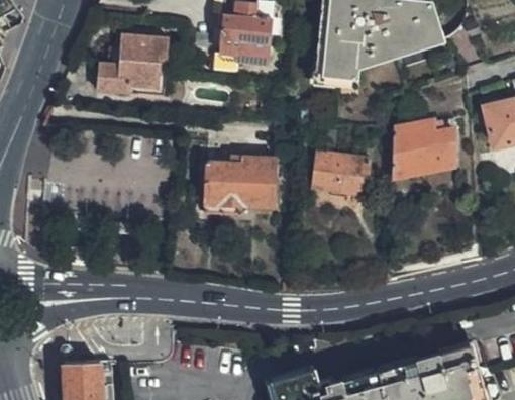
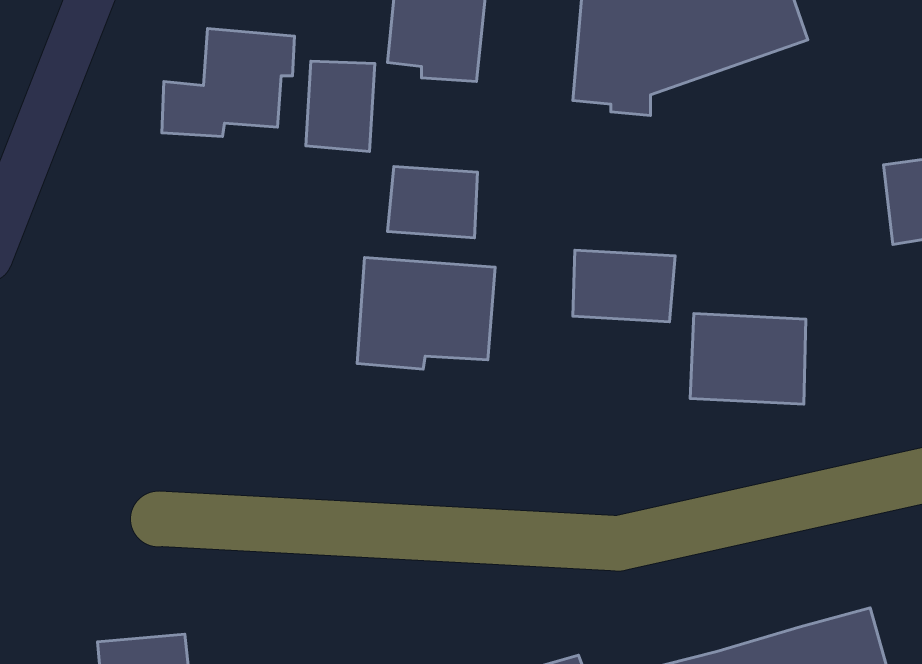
building: none -> [306,61,375,151]
building: none -> [388,166,477,238]
building: [390,130,451,179] -> [690,313,806,404]

